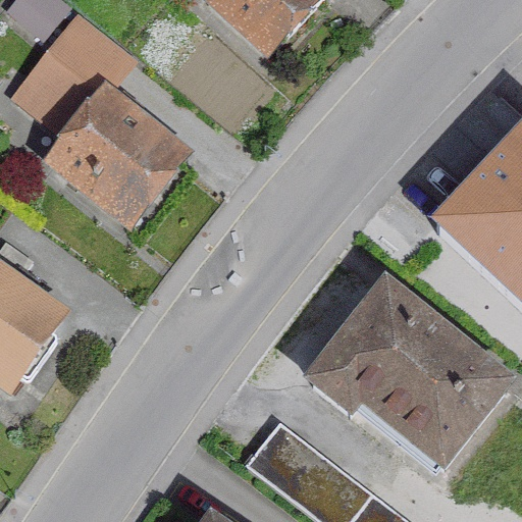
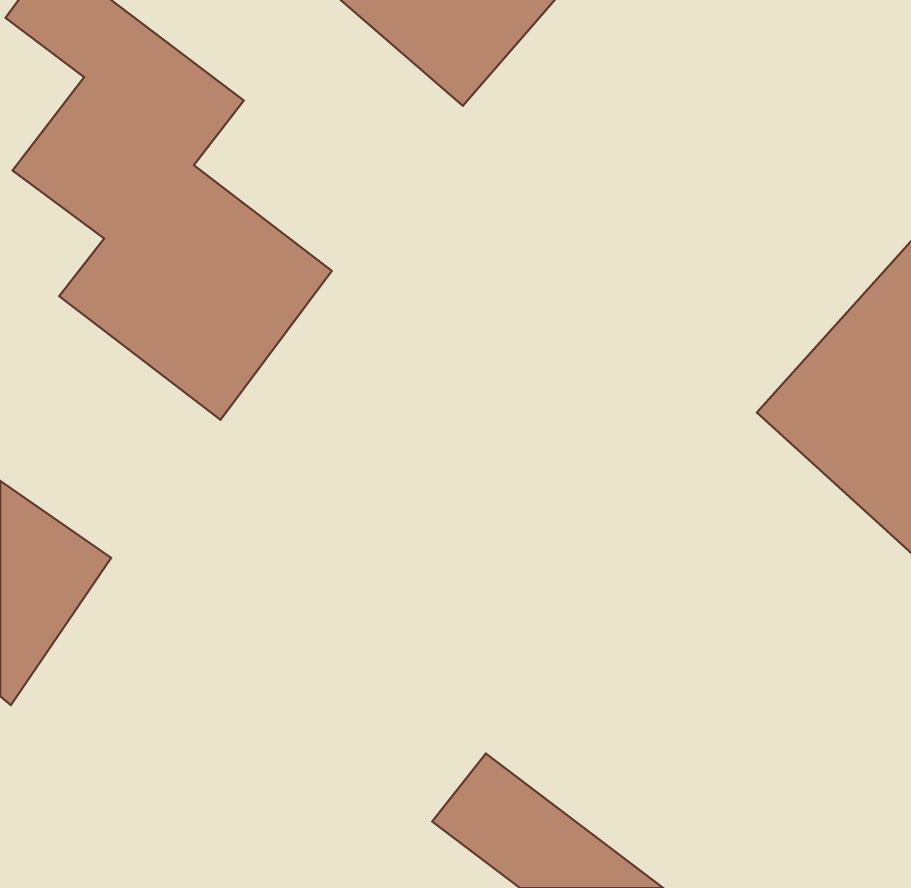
building: [303,289,512,480] -> none

